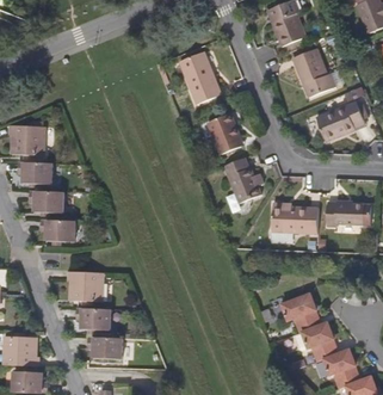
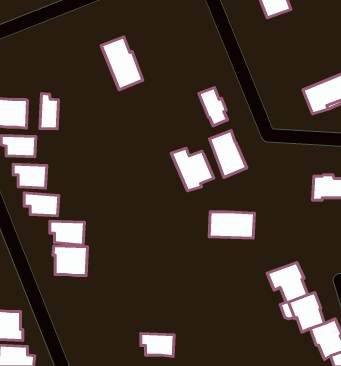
building: [294,50,335,95] -> none
building: [180,51,222,104] -> [101,37,143,90]
building: none -> [40,94,58,129]
building: none -> [171,148,214,191]
building: [273,206,319,233] -> [209,212,254,238]
building: [76,307,111,331] -> [50,221,84,245]
building: [88,337,122,359] -> [141,334,174,356]

